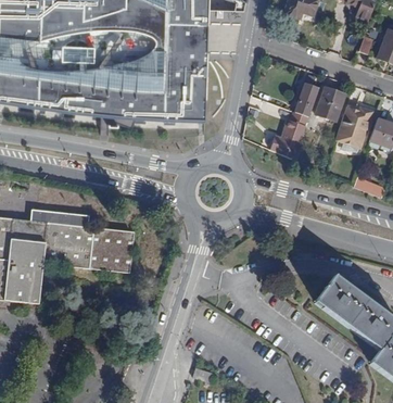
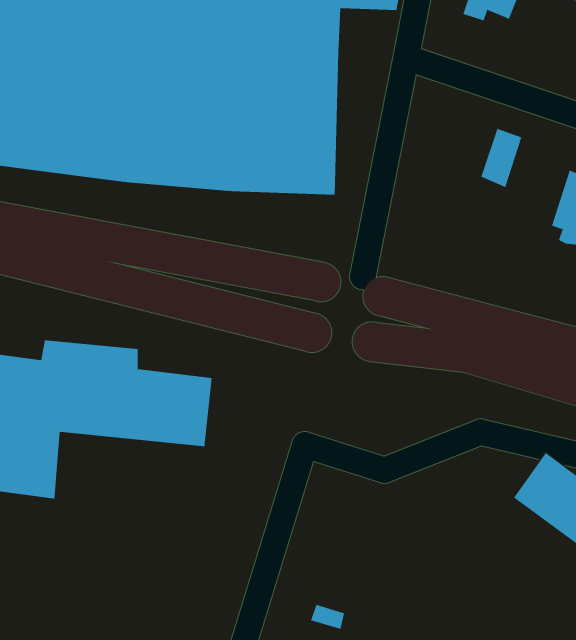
building: [315,89,345,119] -> none
building: [270,110,309,160] -> none

